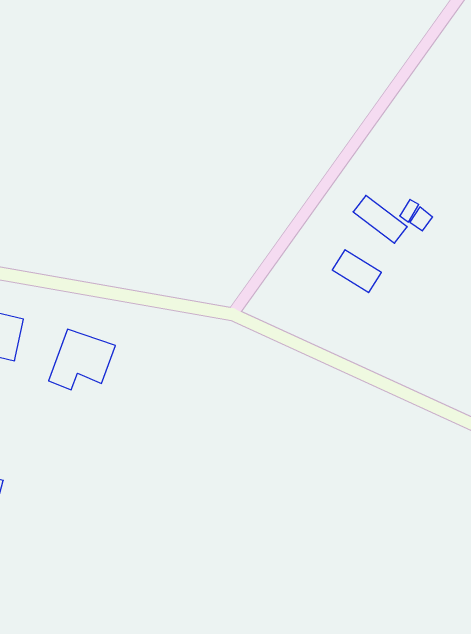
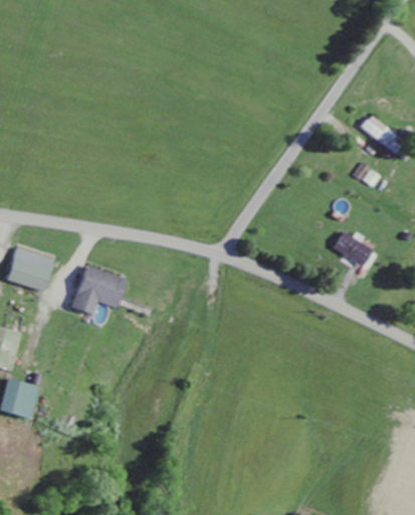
building: [353,195,407,243] -> [360,114,403,152]
building: [332,250,381,293] -> [333,230,372,265]

